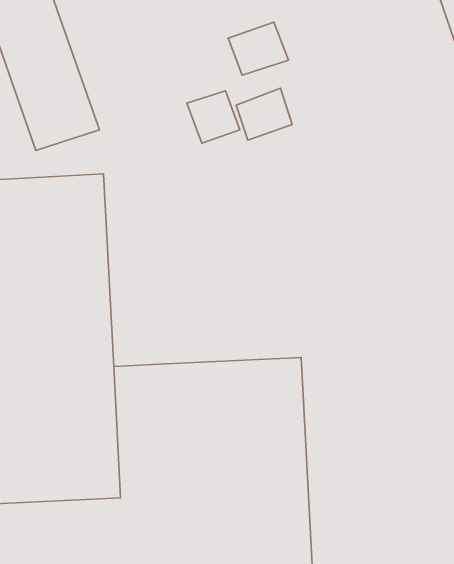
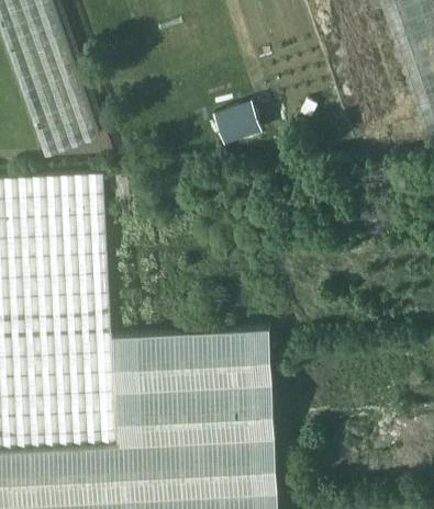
building: [228,22,288,75] -> none
building: [187,91,240,143] -> none

